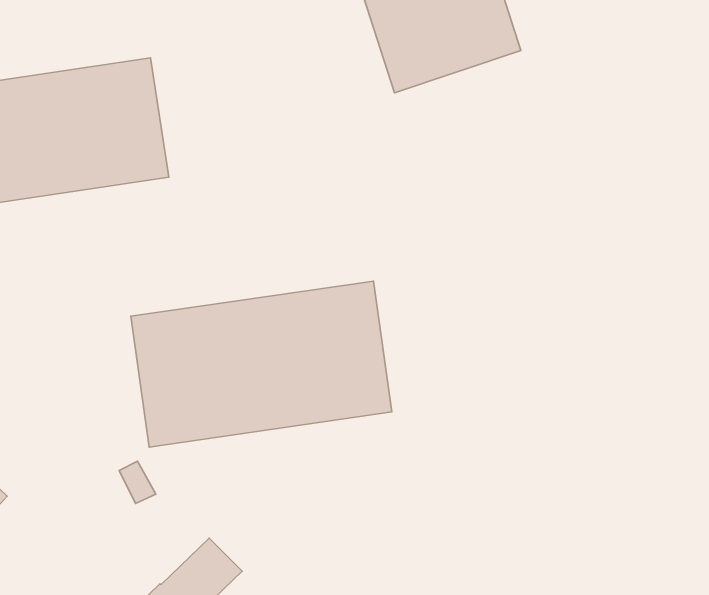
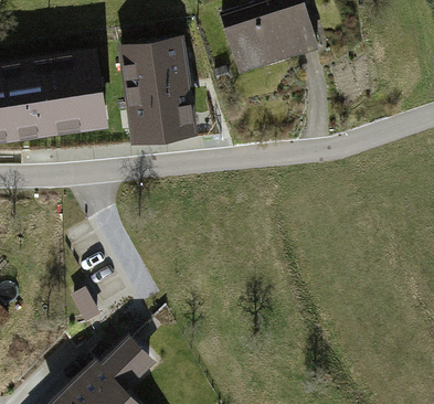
building: none -> [121,40,193,140]
building: [131,281,392,447] -> none

